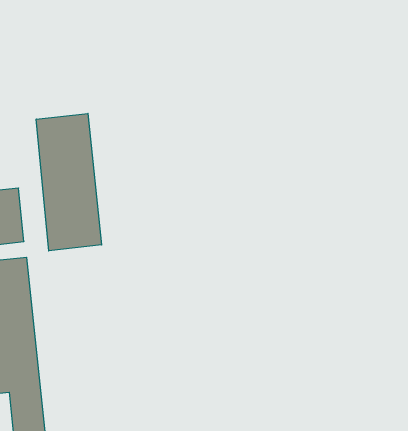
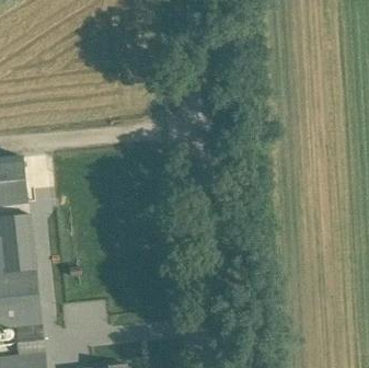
building: [36,113,102,251] -> none

